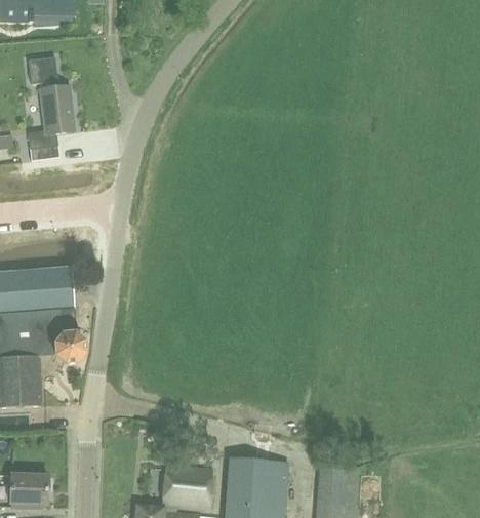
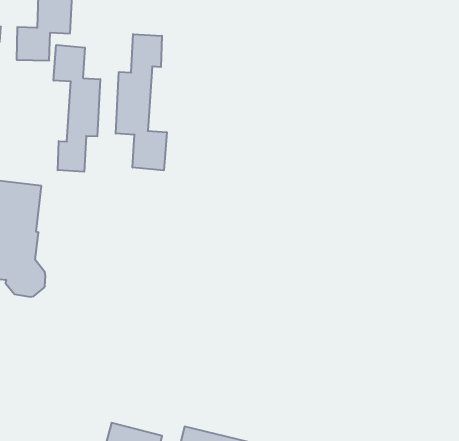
building: none -> [116,34,167,170]
building: none -> [54,45,100,172]

